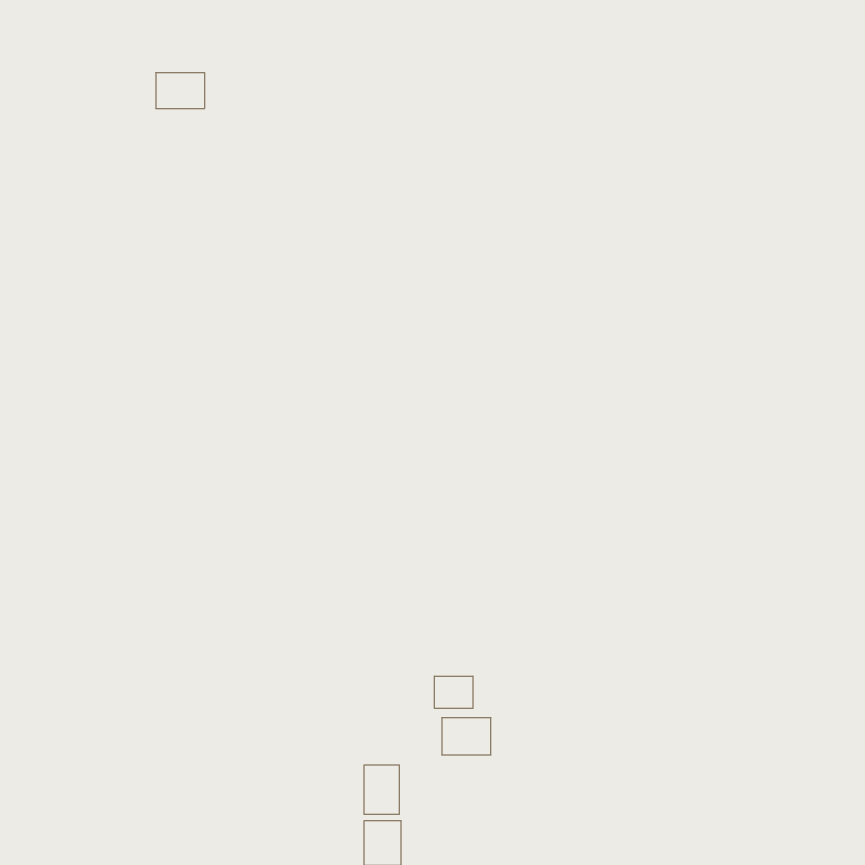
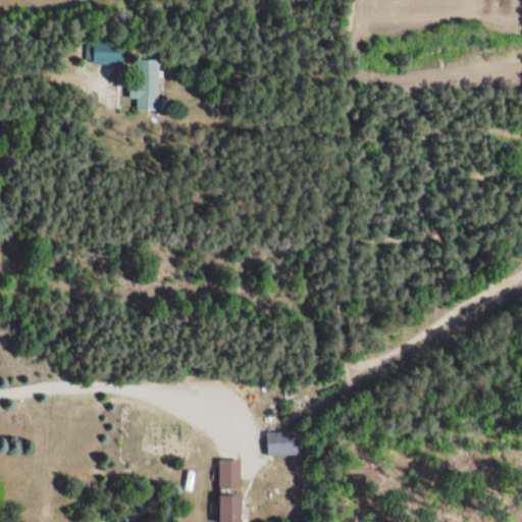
building: none -> [134,60,160,111]
building: [434,676,473,708] -> none

